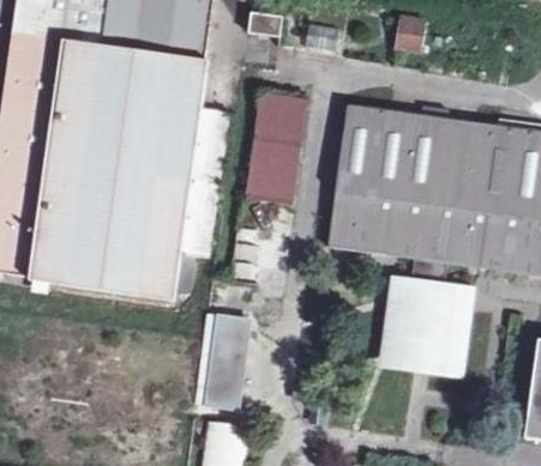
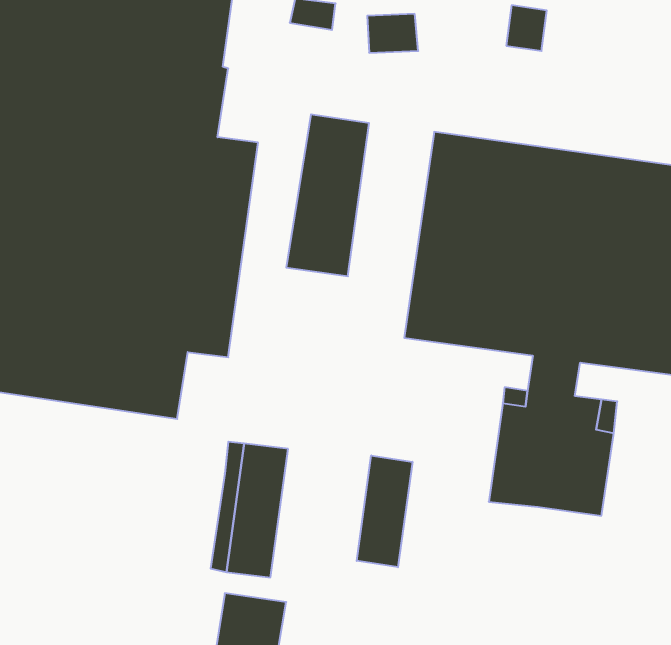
building: none -> [357,455,412,567]

